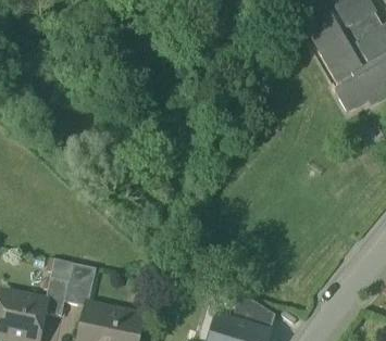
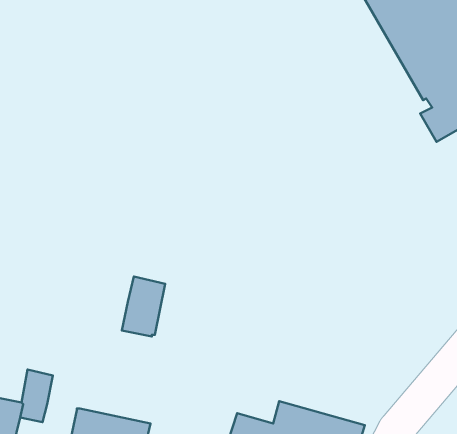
building: [65,261,97,304] -> [122,276,165,336]

